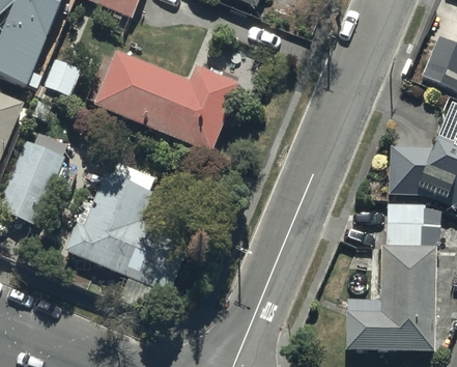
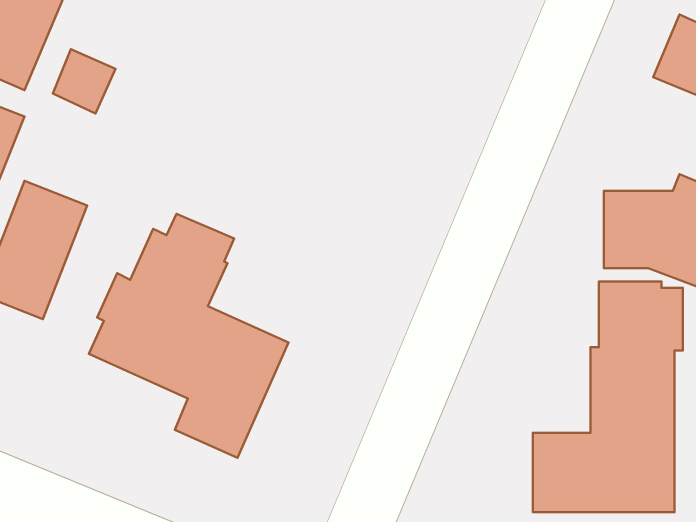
building: [94,49,241,151] -> none

